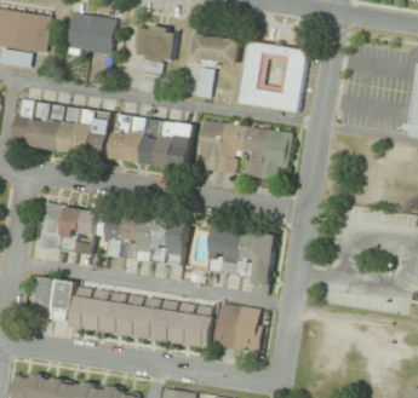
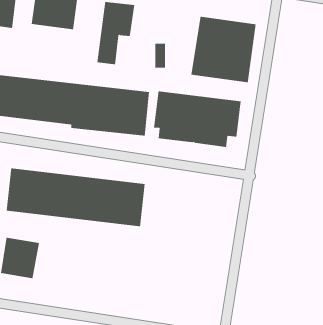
building: [190,34,239,67] -> none
building: [207,225,276,281] -> none
building: [71,289,264,354] -> none

